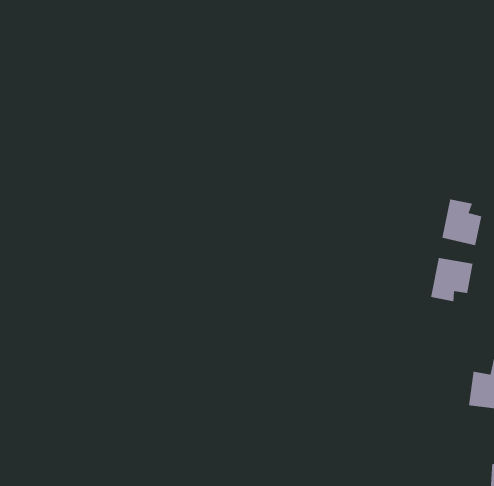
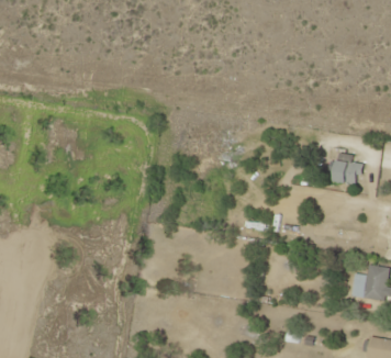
building: [430,257,473,302] -> none

